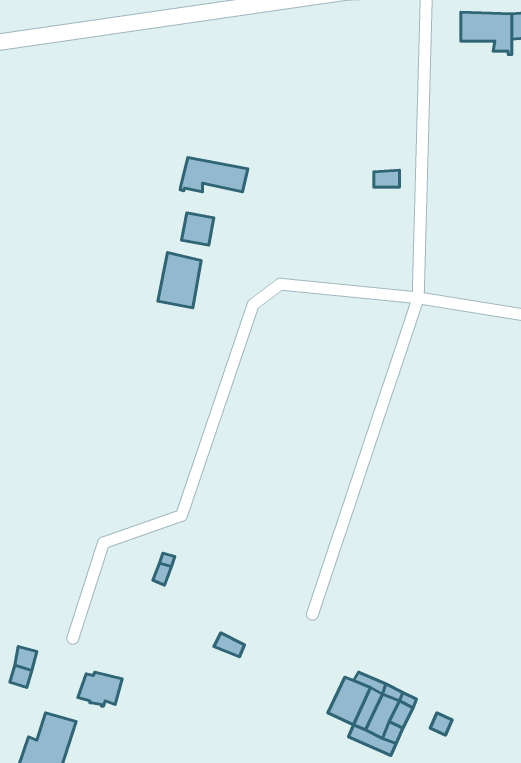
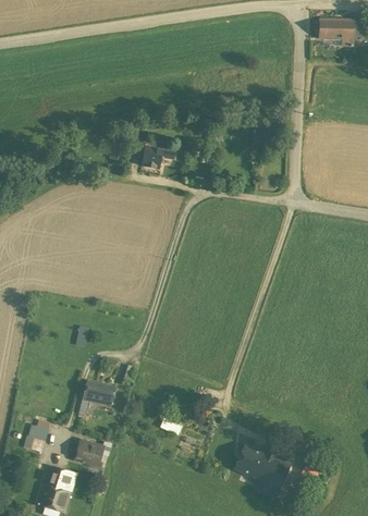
building: [180,158,248,192] -> none
building: [158,252,201,308] -> none
building: none -> [83,381,114,404]

